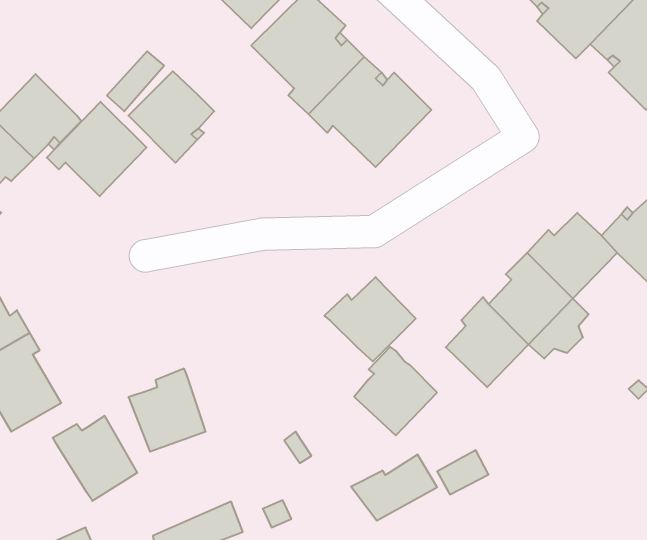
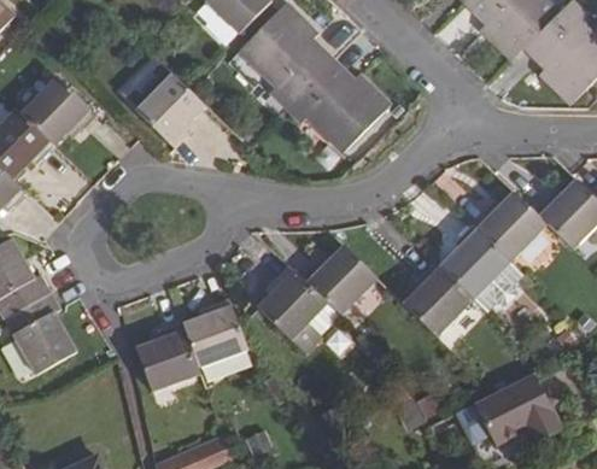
building: [47,102,147,196] -> none
building: none -> [181,298,247,368]
building: [354,347,437,435] -> [257,265,327,340]
building: [53,416,137,501] -> none
building: none -> [472,375,558,446]
building: [351,454,437,521] -> none

